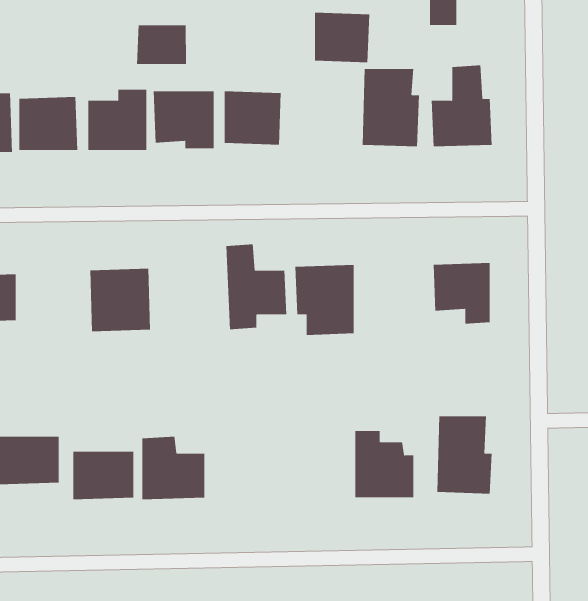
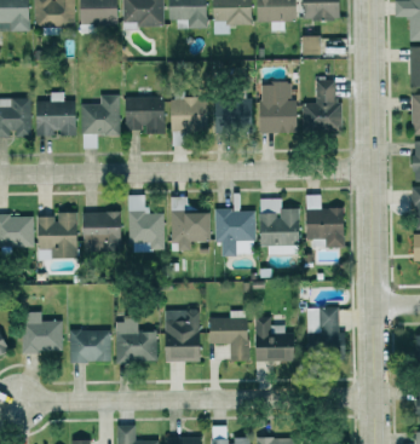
building: [314,12,370,63] -> [214,98,251,131]
building: [137,24,186,65] -> none
building: none -> [128,195,165,252]
building: none -> [258,198,297,254]
building: none -> [38,213,76,259]
building: none -> [162,310,199,361]
building: none -> [208,317,247,362]

